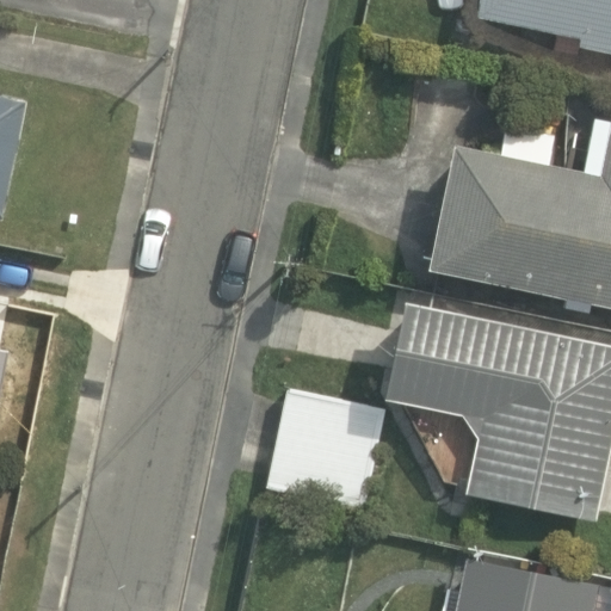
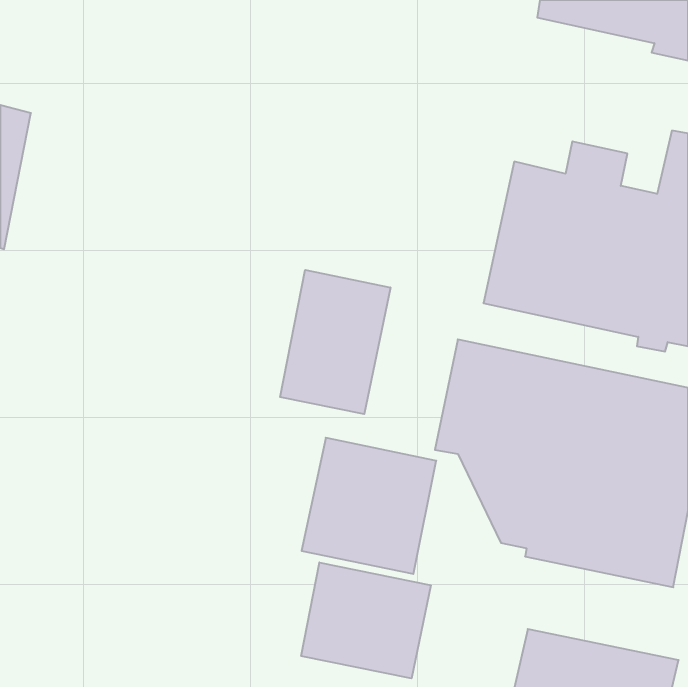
building: none -> [280,270,390,414]
building: none -> [301,562,431,678]

